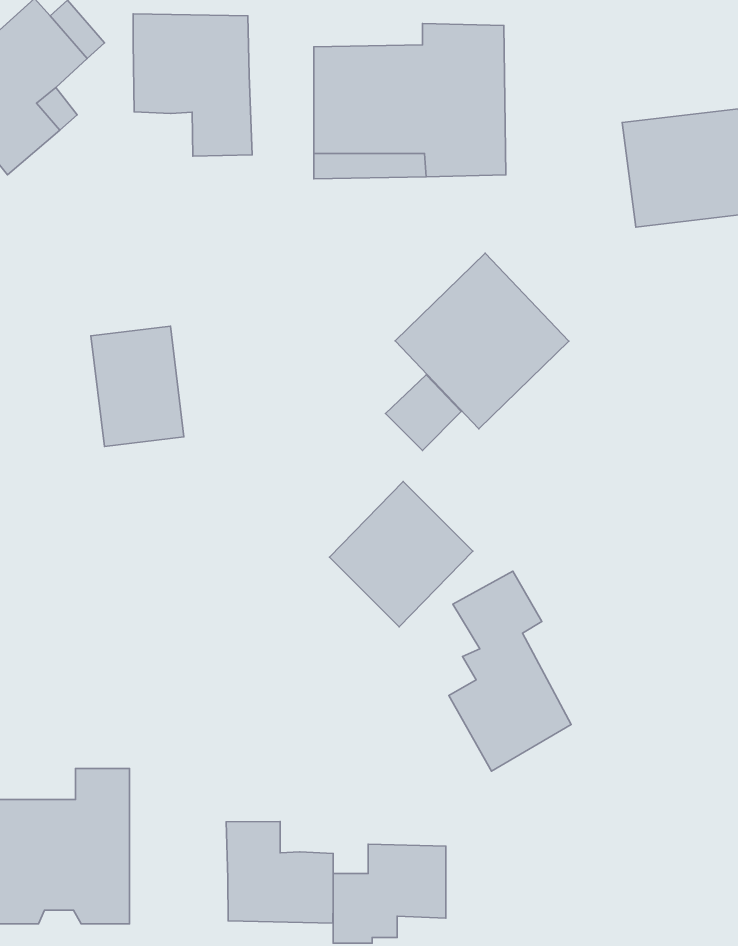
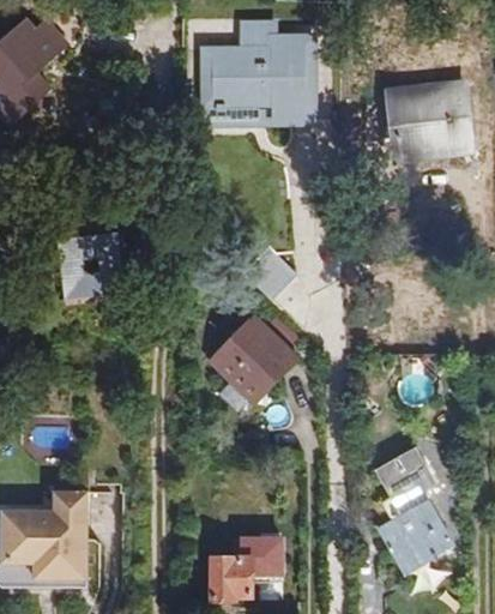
building: [133,14,252,156] -> none
building: [395,253,569,429] -> none
building: [449,571,571,771] -> [376,450,452,573]
building: [226,822,333,923] -> none

